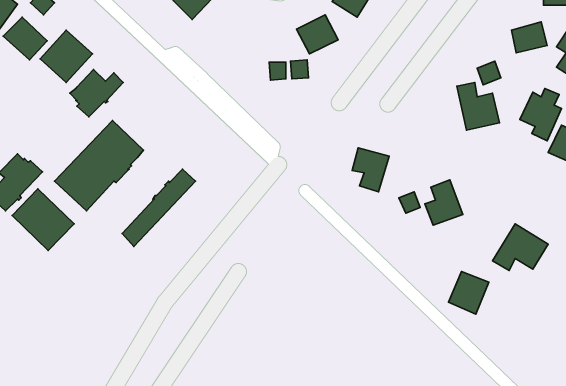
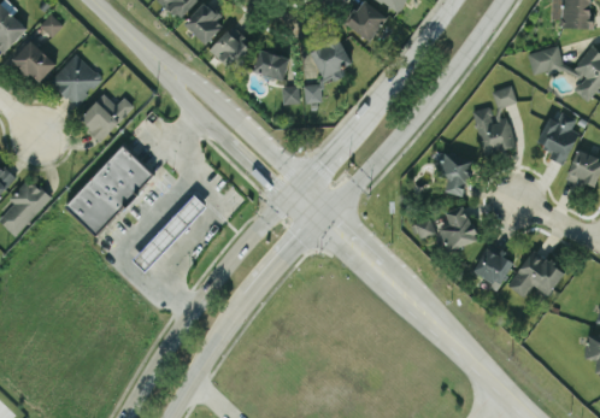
building: none -> [210,28,252,70]
building: none -> [253,49,290,81]
building: [352,148,389,192] -> [437,152,475,196]
building: [12,189,74,250] -> none
building: [448,271,489,314] -> [473,243,514,287]

